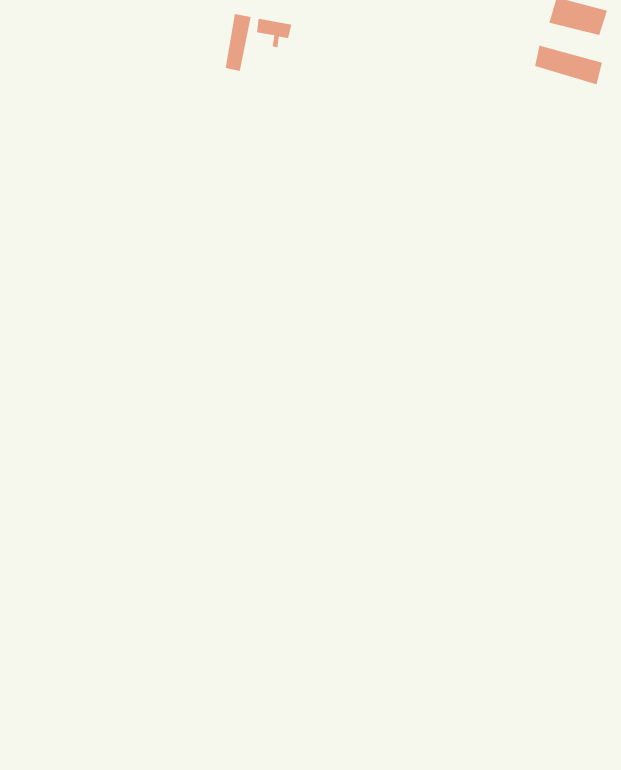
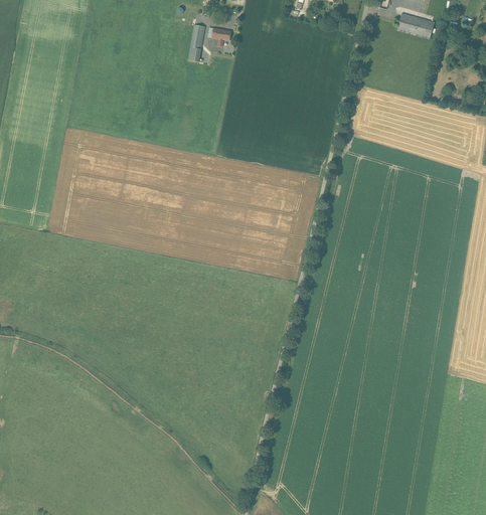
building: [534,45,602,85] -> none

